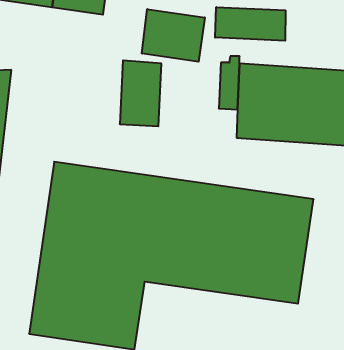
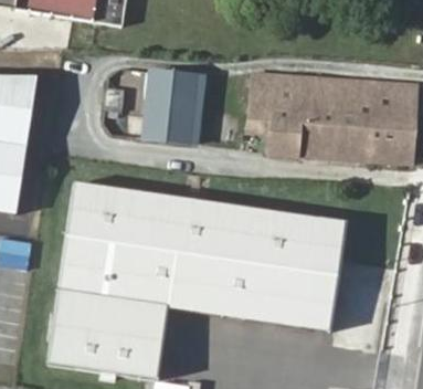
building: [215,7,285,41] -> none
building: [142,9,205,62] -> none

